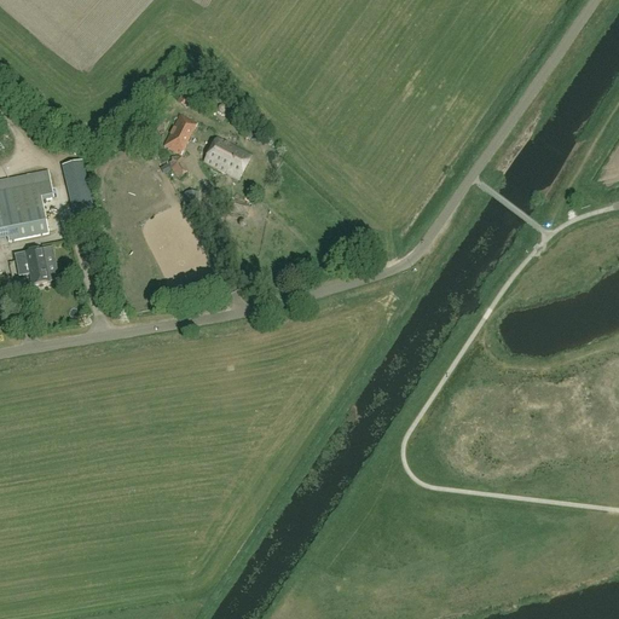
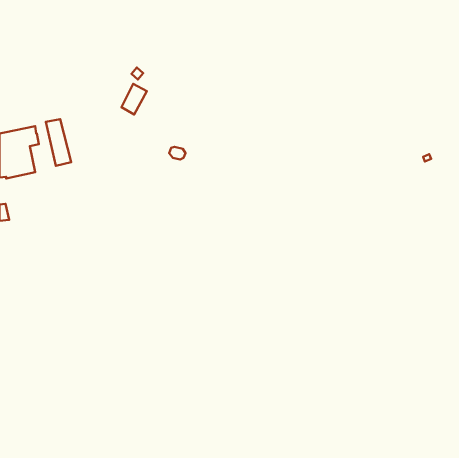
building: [204,137,250,178] -> none
building: [13,248,50,284] -> none

